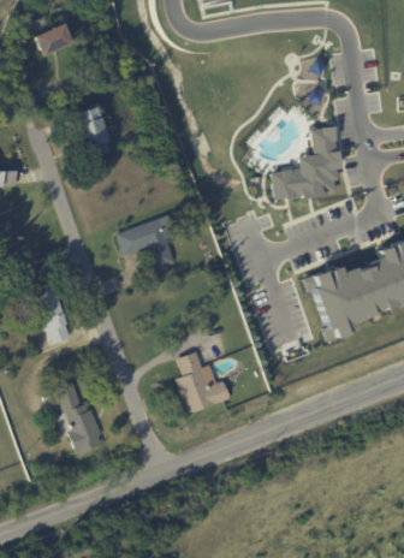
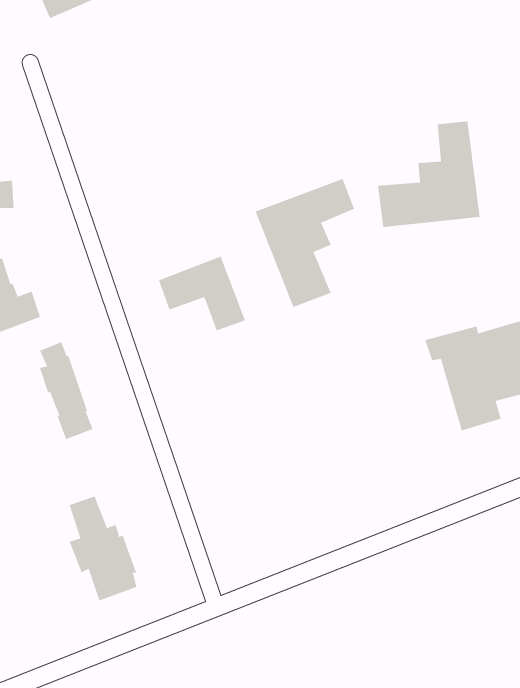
building: [83,107,114,156] -> none
building: none -> [255,178,355,308]
building: [177,351,232,415] -> none

